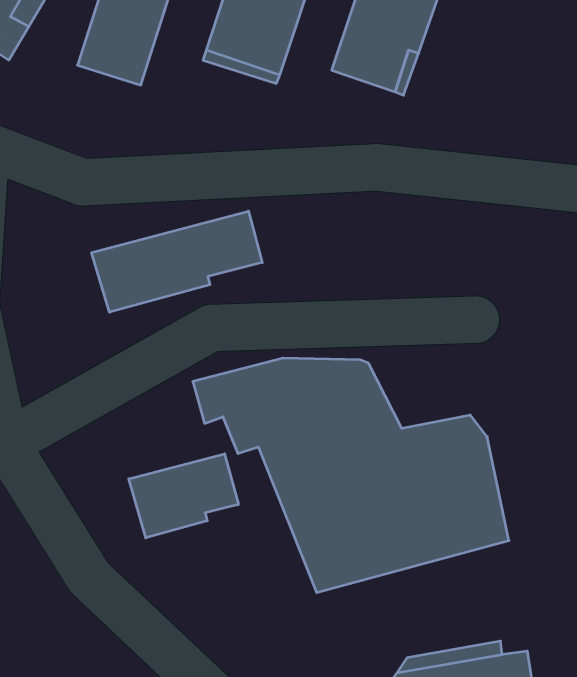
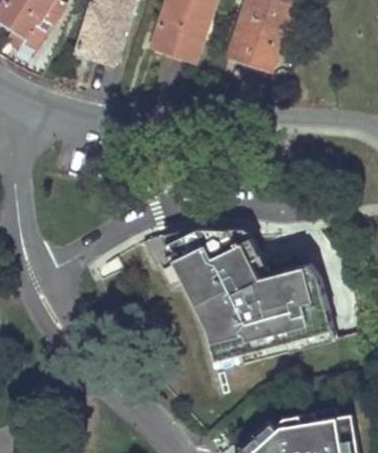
building: [92,211,262,312] -> none
building: [129,454,238,538] -> none

